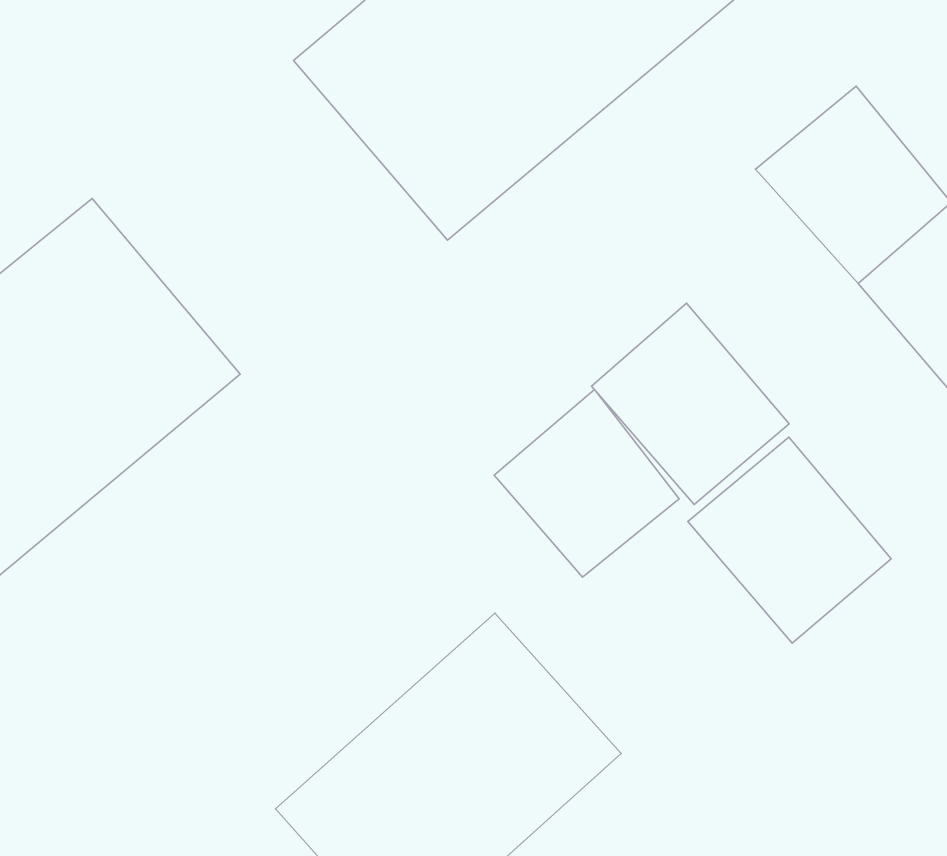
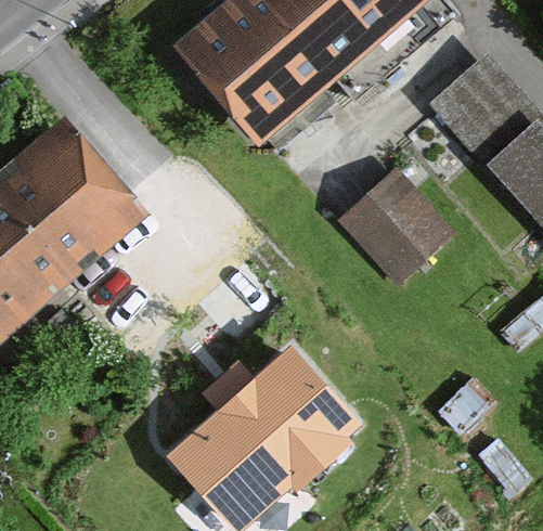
building: [494,390,679,577] -> none
building: [688,437,891,643] -> none

